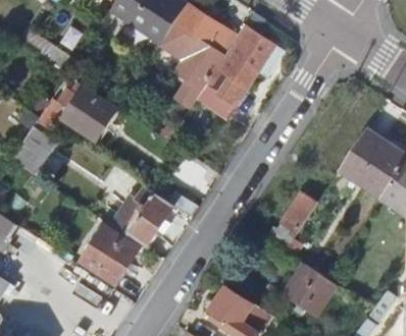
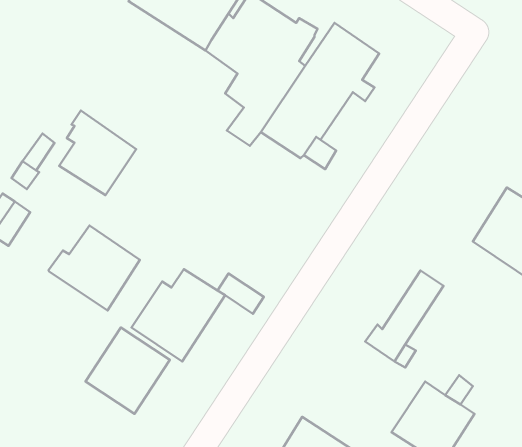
building: none -> [48,225,140,311]

